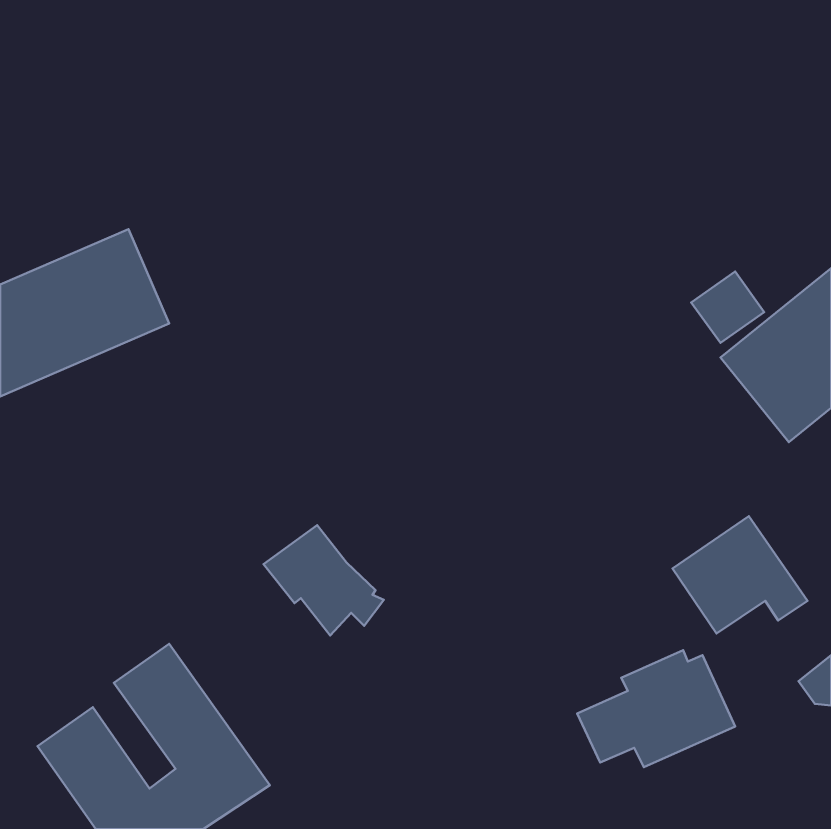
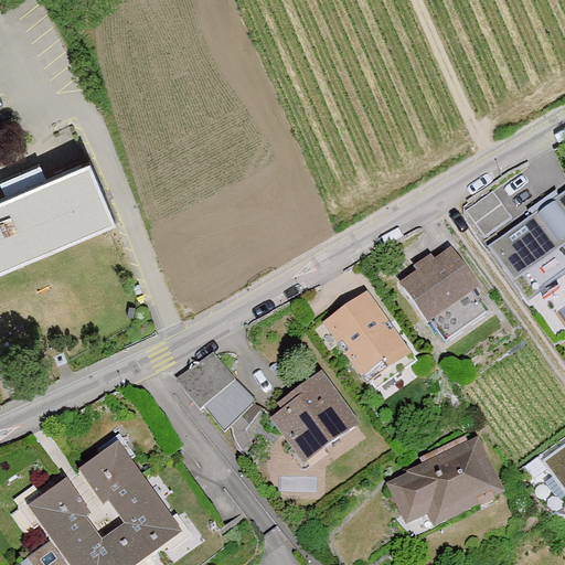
building: none -> [321,294,422,399]
building: [673,516,808,633] -> [399,246,491,326]
building: none -> [270,369,362,463]

